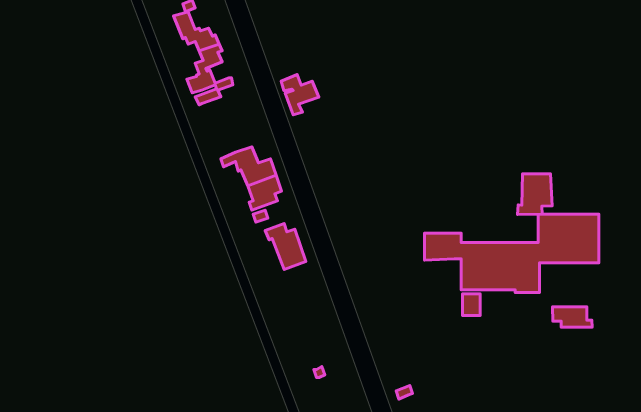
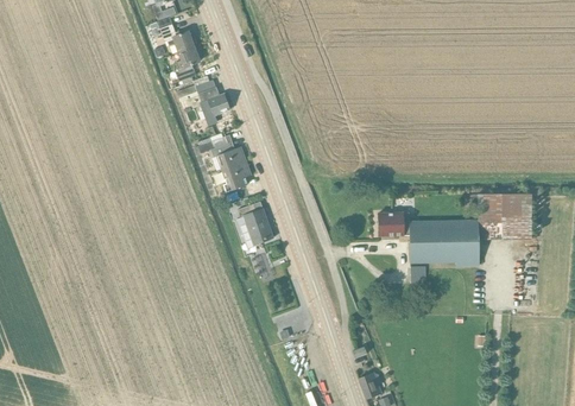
building: [281,74,319,115] -> [198,89,232,125]
building: [518,174,552,214] -> none
building: [552,307,592,327] -> none

